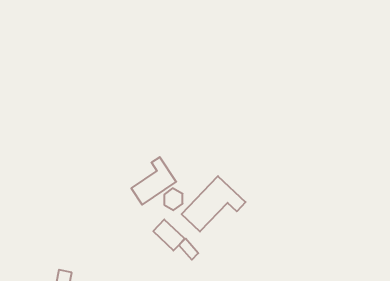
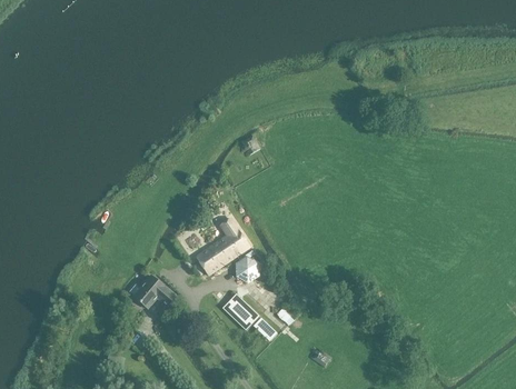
building: [182,176,246,232] -> none
building: none -> [132,276,175,308]

